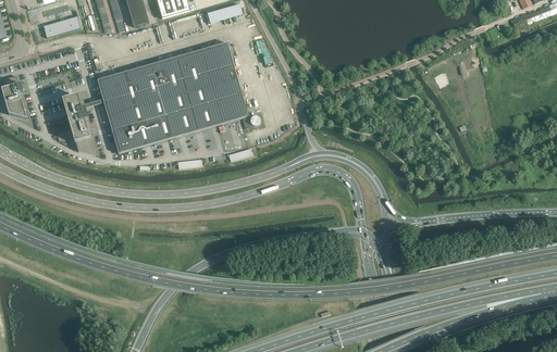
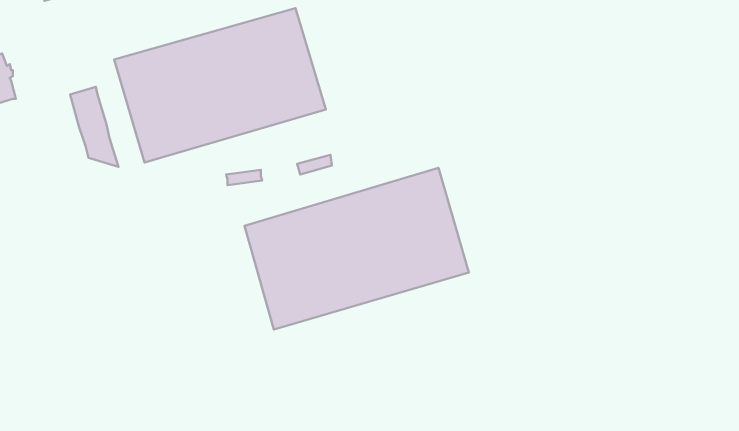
building: none -> [245,168,469,329]

